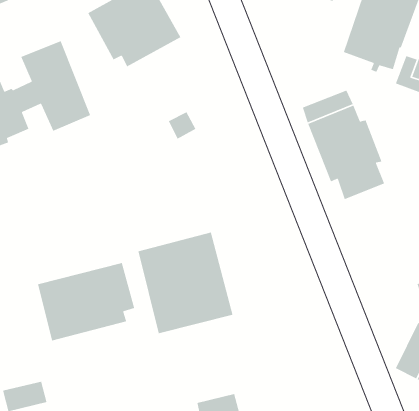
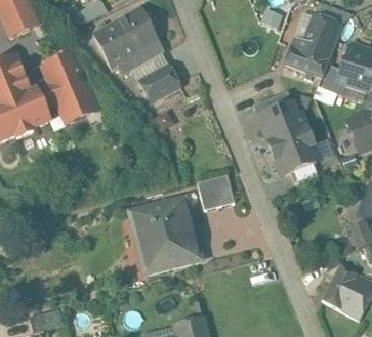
building: none -> [138,64,181,102]
building: none -> [198,173,234,208]
building: [37,262,135,342] -> none

